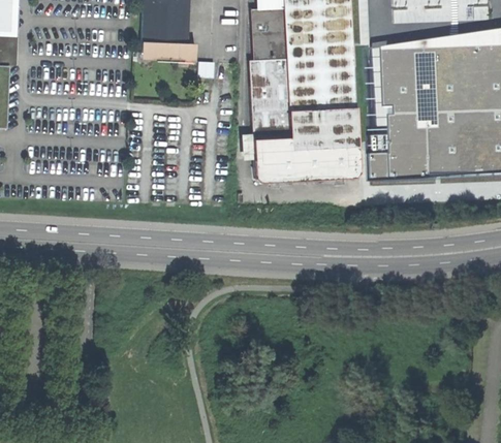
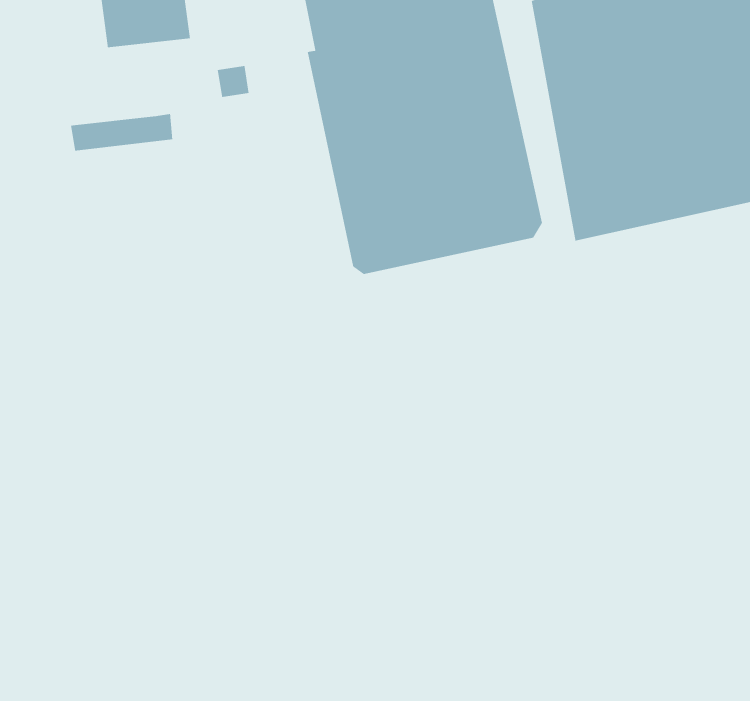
building: [140,37,195,54] -> [70,113,173,152]

